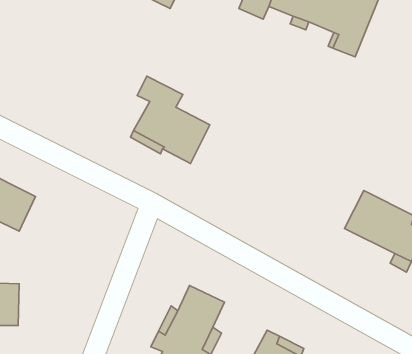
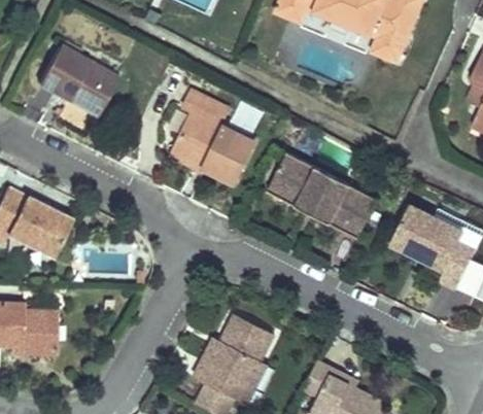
building: none -> [44,53,125,125]
building: none -> [264,151,377,237]

